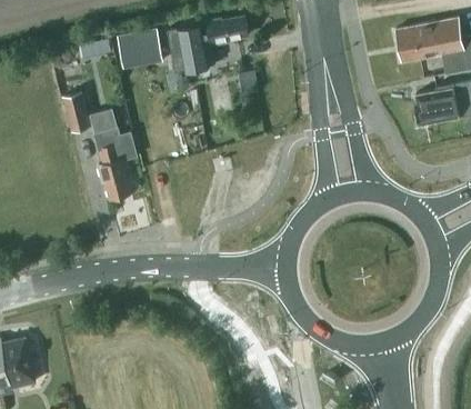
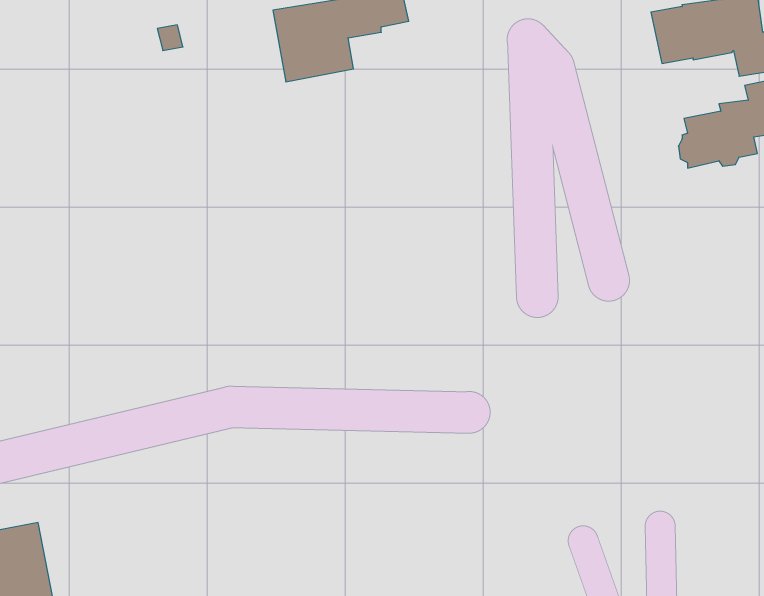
building: [121,30,163,66] -> none
building: [63,91,92,131] -> none
building: [96,126,131,199] -> none

